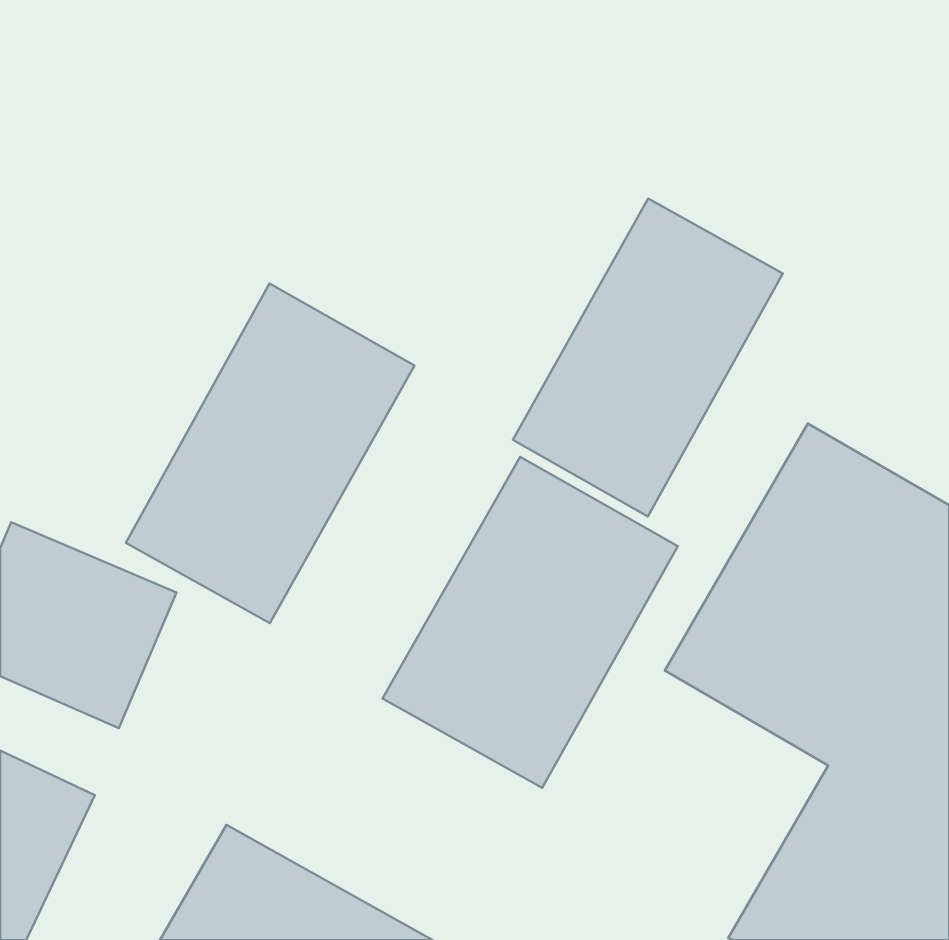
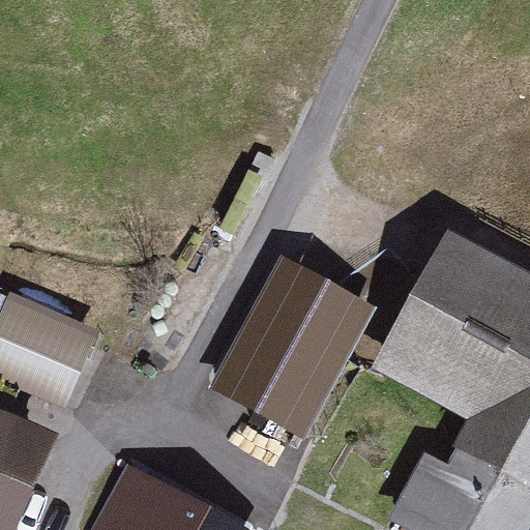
building: [513,198,783,516] -> none
building: [126,284,414,623] -> none

